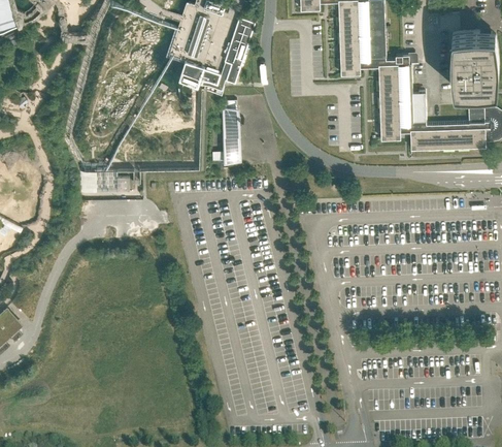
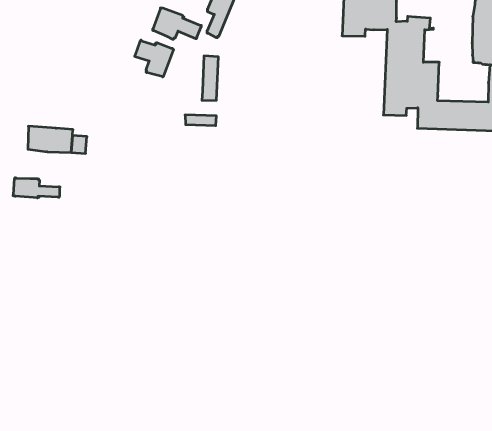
building: none -> [135,40,174,77]
building: none -> [13,178,60,198]

